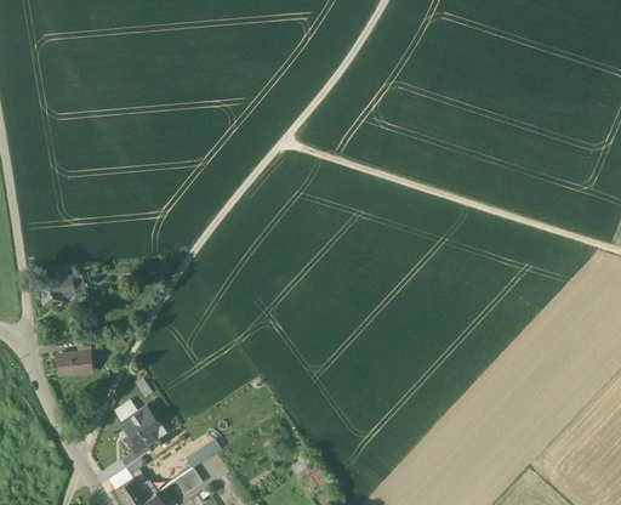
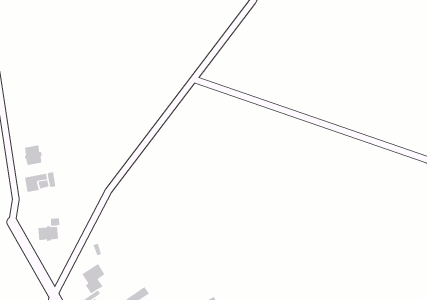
building: none -> [24,145,42,166]

